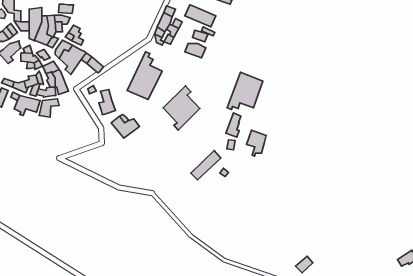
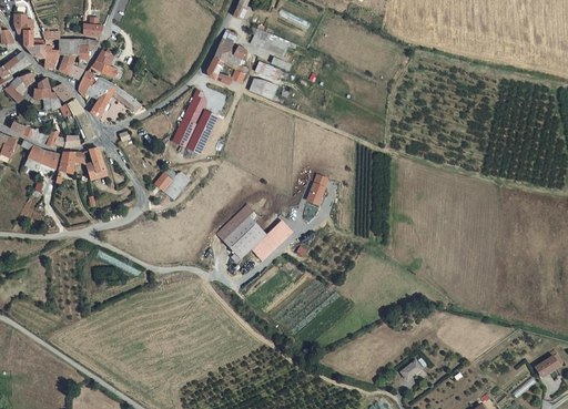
building: [227,72,263,110] -> none
building: [163,86,200,130] -> [222,201,271,259]
building: [99,89,116,115] -> [84,146,106,180]
building: [246,130,266,156] -> none

